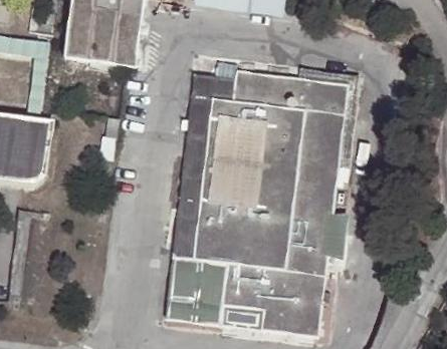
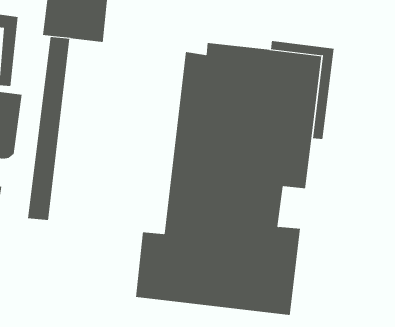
building: [172,75,214,256] -> [27,36,70,221]
building: [305,210,348,252] -> none

